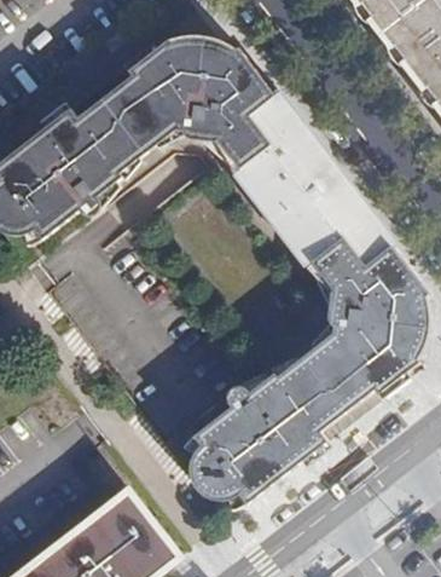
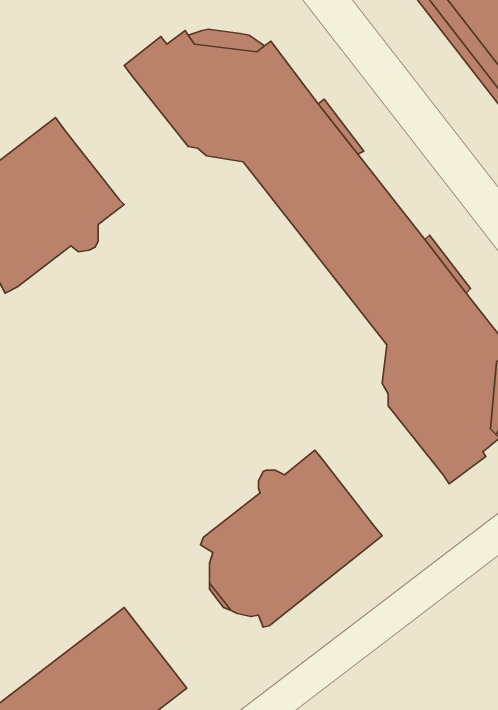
building: [75,74,173,171] -> none
building: [278,334,375,429] -> none

